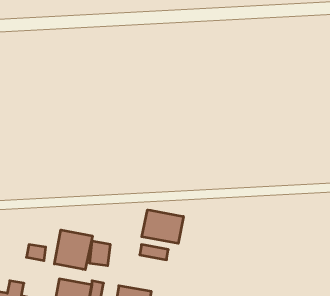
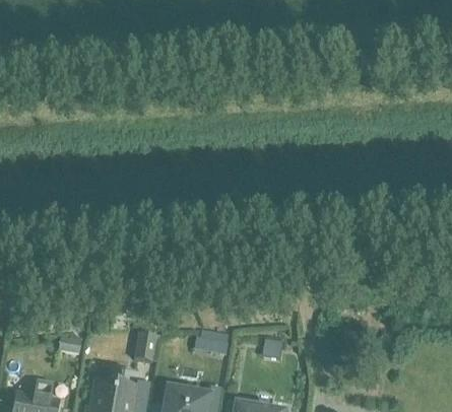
building: [142,210,183,243] -> none
building: [54,230,92,270] -> none

